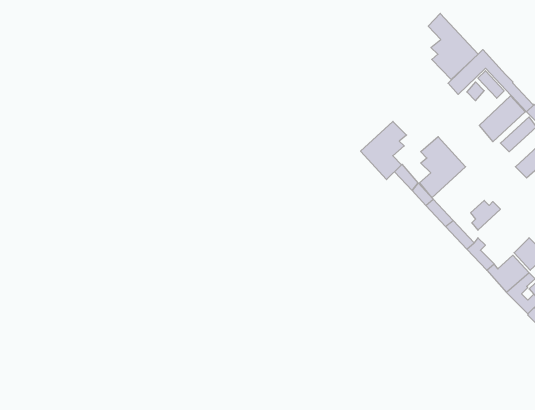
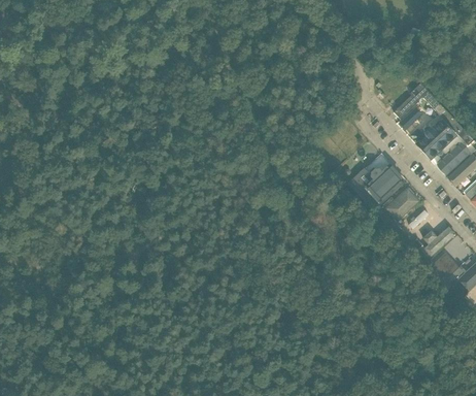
building: [428,13,478,79] -> none
building: [361,121,407,180] -> none
building: none -> [385,188,418,220]
building: none -> [423,228,454,256]

